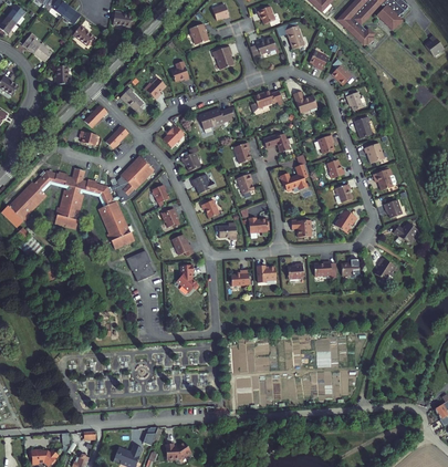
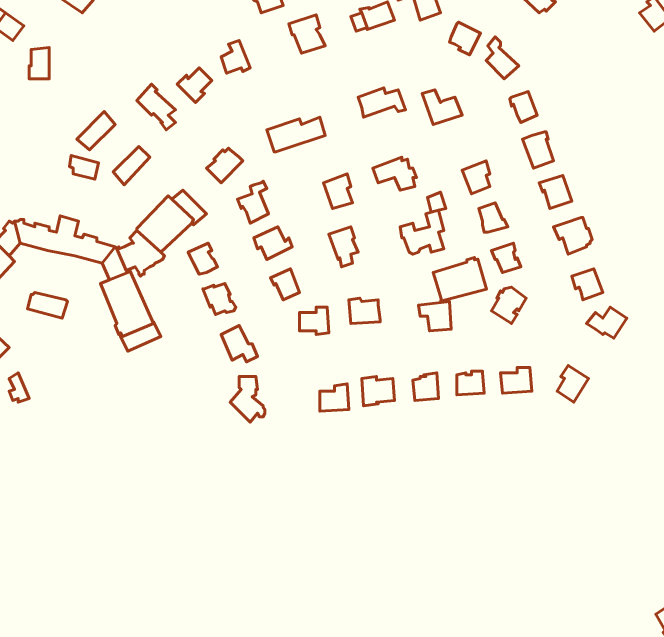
building: [56,188,84,218] -> none
building: none -> [433,258,487,301]
building: [126,250,155,281] -> none

